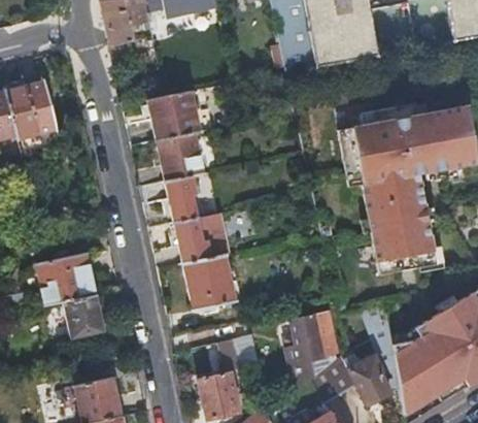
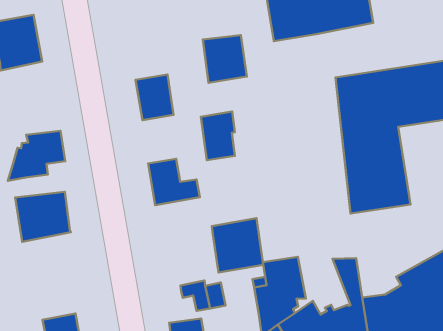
building: [145,89,192,138] -> [203,35,247,83]
building: [163,171,199,222] -> [201,111,235,160]
building: none -> [8,131,65,181]
building: [180,253,234,310] -> [212,218,263,273]
building: [48,295,104,341] -> none

